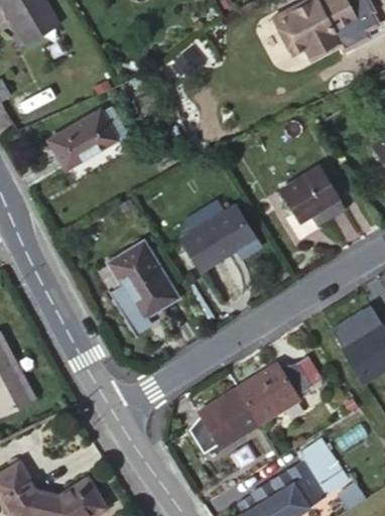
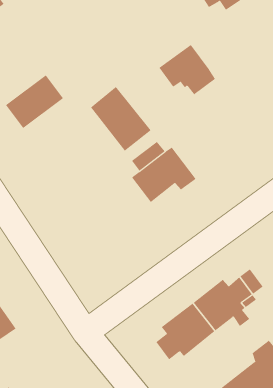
building: [279,167,344,226] -> [158,44,216,95]
building: [109,242,176,317] -> [90,86,151,152]

